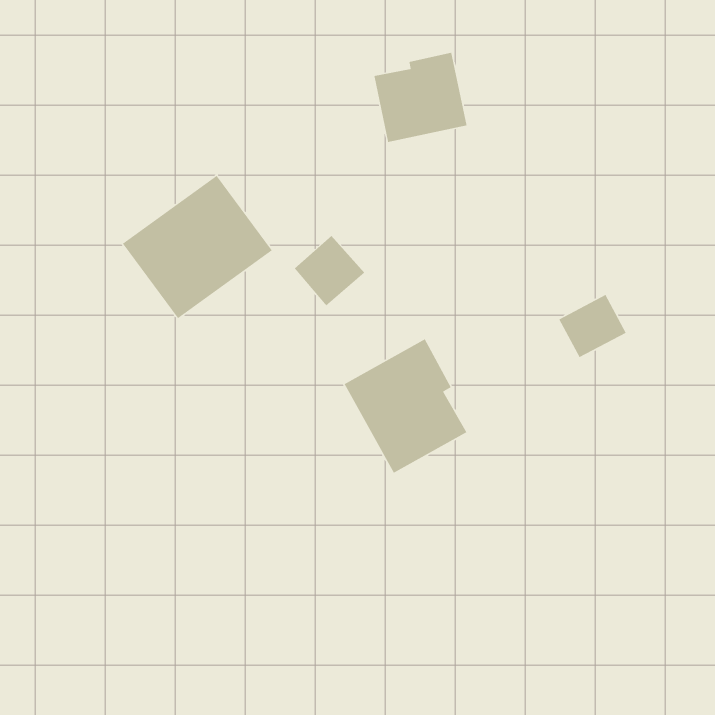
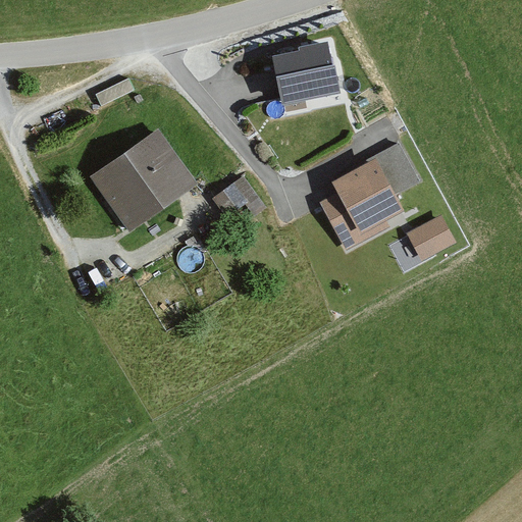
building: none -> [319,143,419,251]
building: [344,338,468,474] -> none

